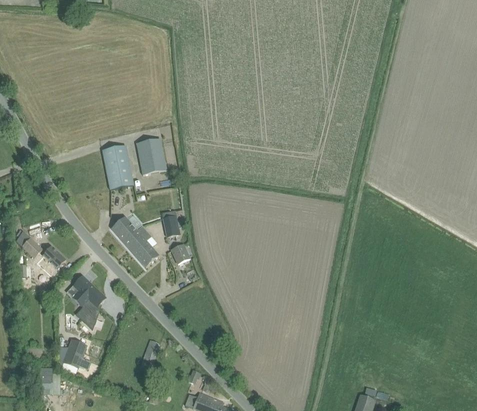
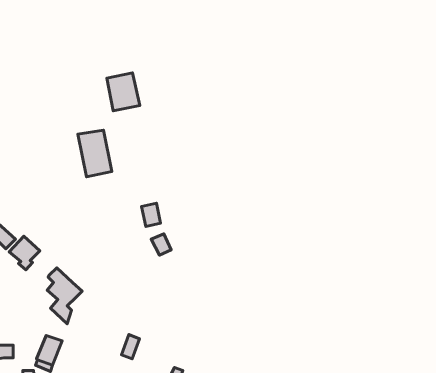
building: [135,138,166,174] -> [107,73,140,111]
building: [111,216,158,267] -> none

